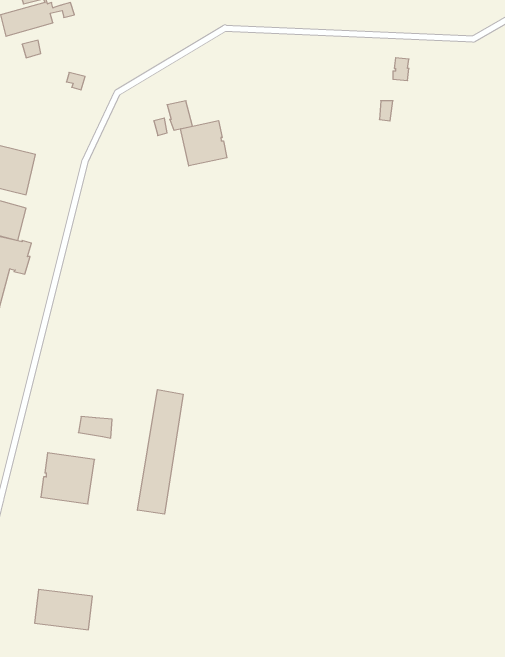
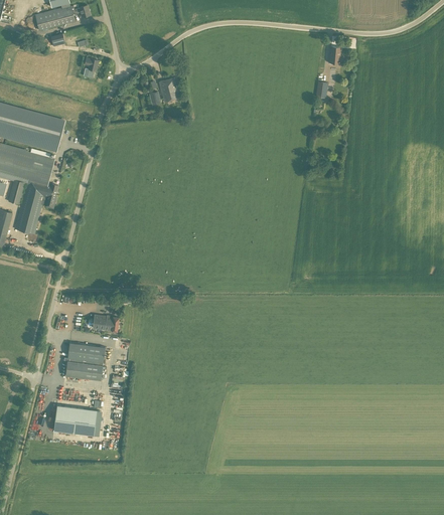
building: [181,121,227,166] -> none
building: [137,390,183,514] -> none
building: [35,589,92,630] -> [53,405,97,436]

